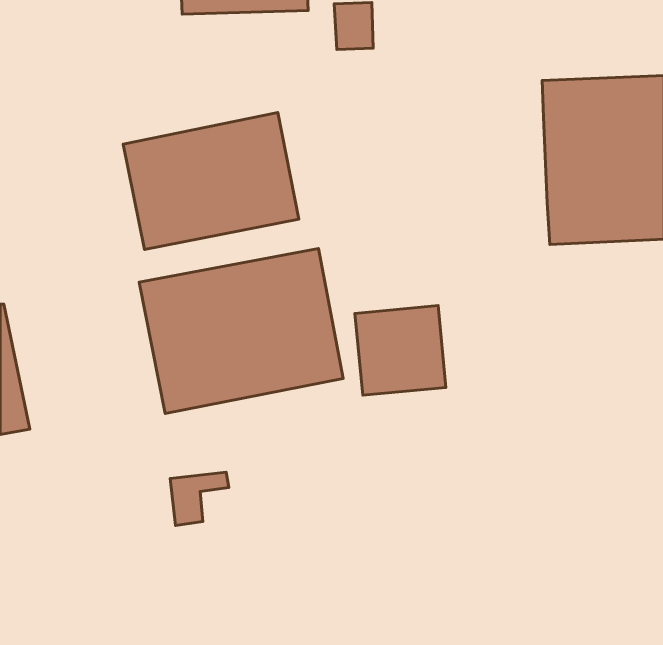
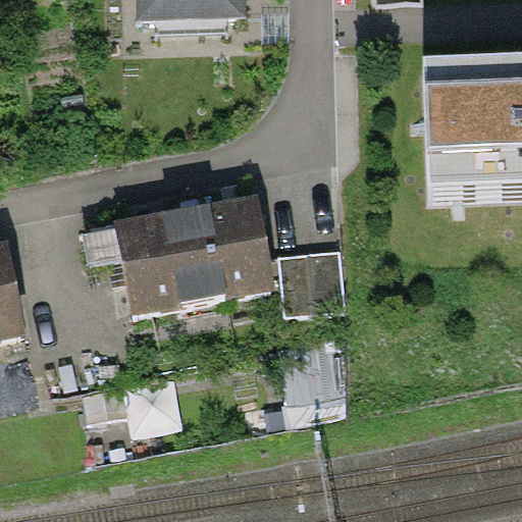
building: [123,112,299,250] -> none

